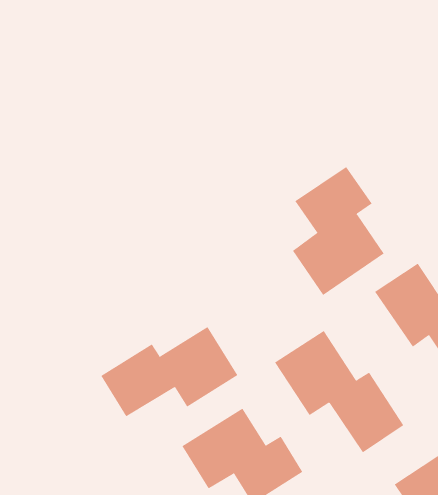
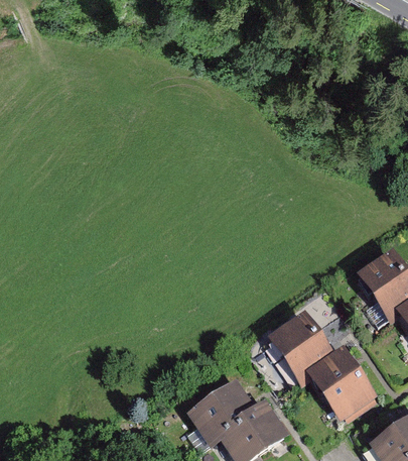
building: [292,166,384,296] -> none
building: [101,326,238,417] -> none

